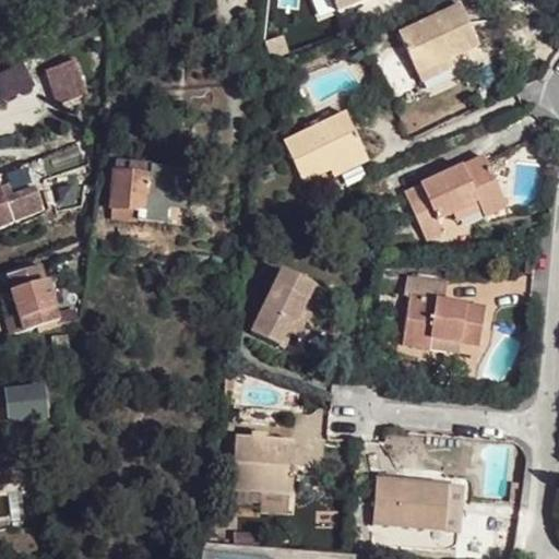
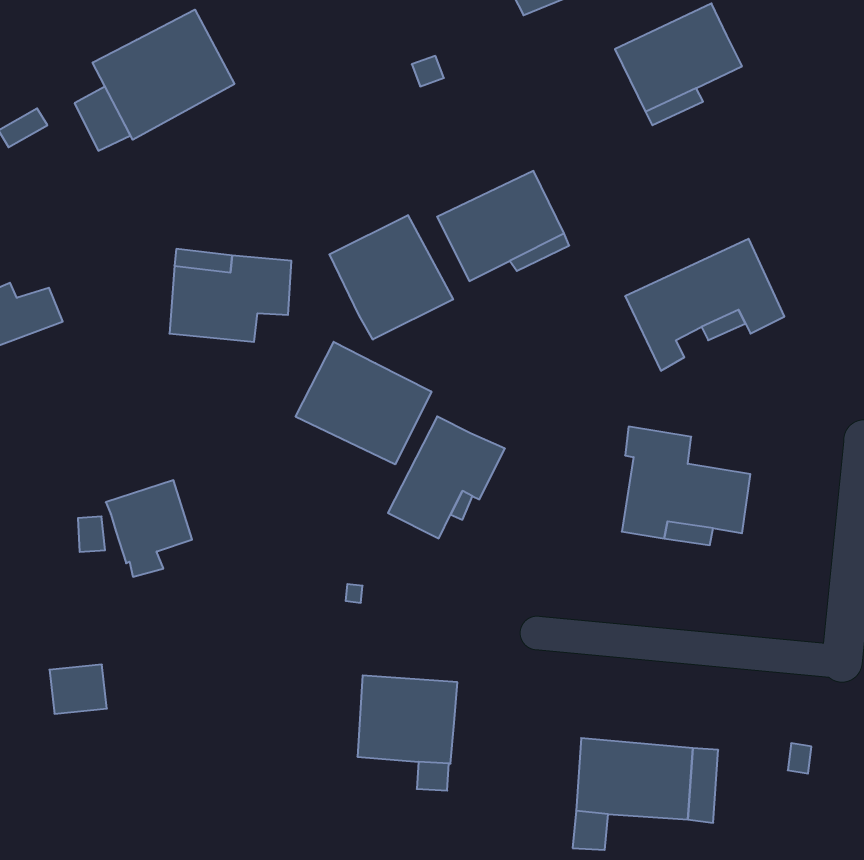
building: none -> [93,10,234,140]
building: none -> [329,215,453,340]
building: none -> [296,342,431,464]
building: [8,264,63,326] -> [106,480,192,577]
building: [7,388,44,419] -> [49,665,107,714]

